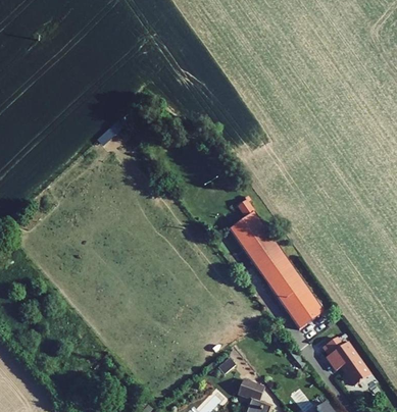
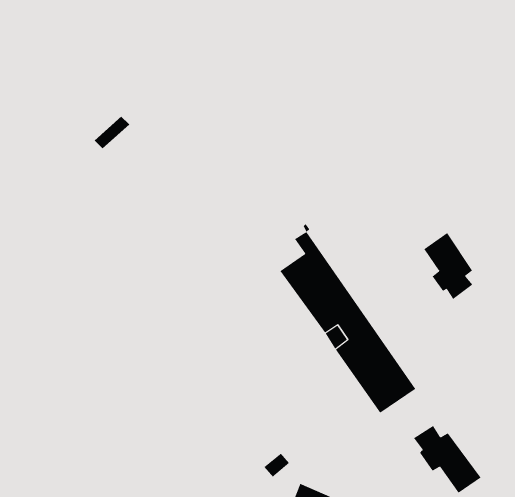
building: none -> [424,232,473,300]

